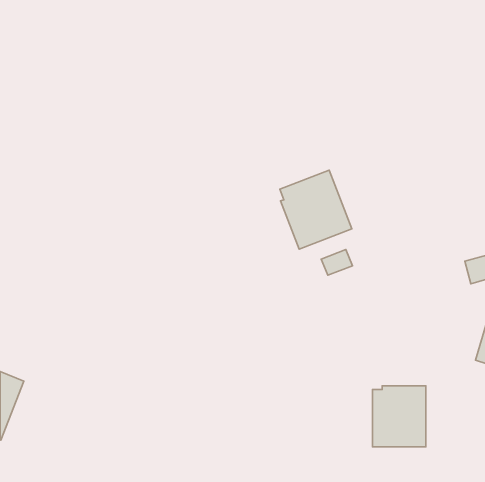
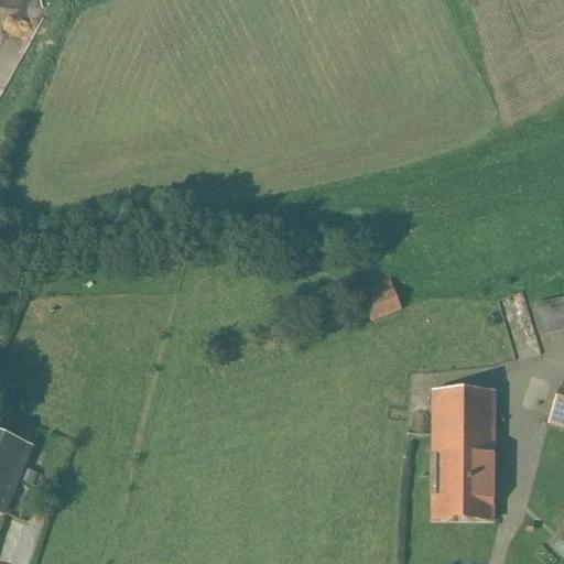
building: [280,170,352,249] -> none
building: none -> [433,387,495,451]

